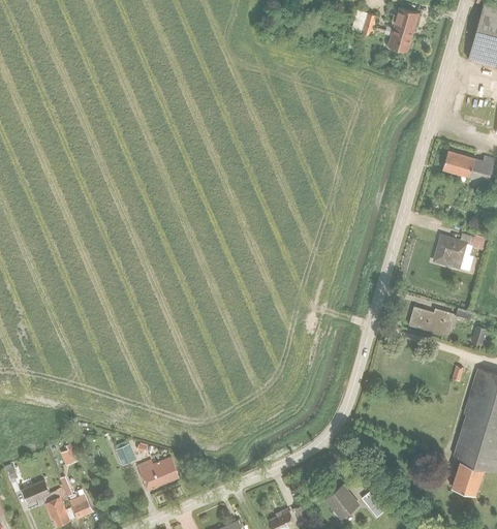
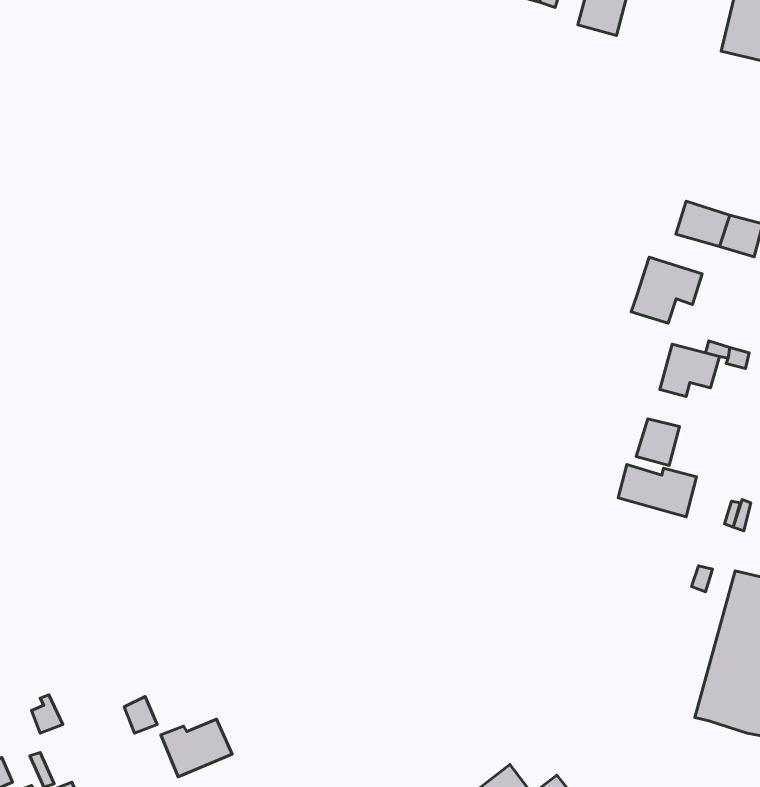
building: none -> [631,257,702,323]
building: none -> [636,419,679,465]
building: [454,458,485,492] -> none

